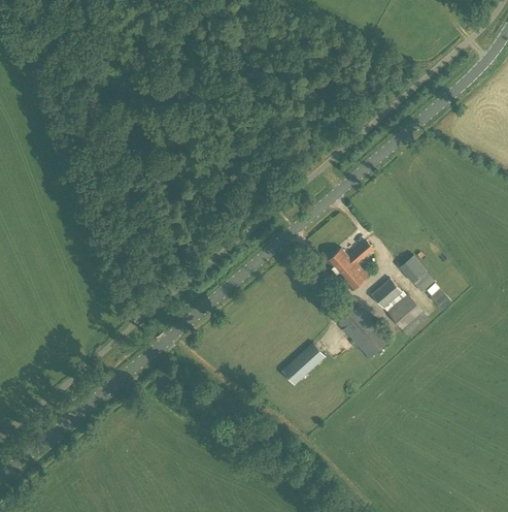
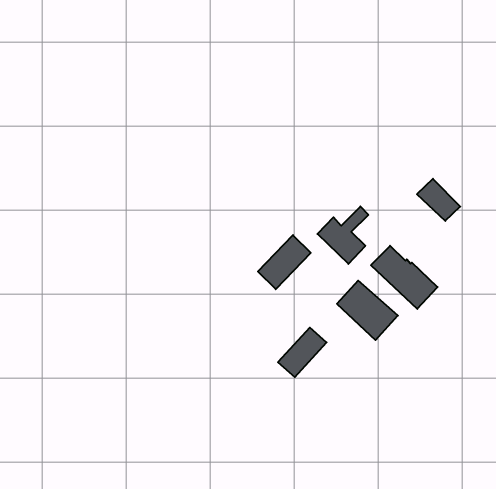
building: [399,254,436,292] -> [417,179,460,221]
building: none -> [258,235,311,289]

